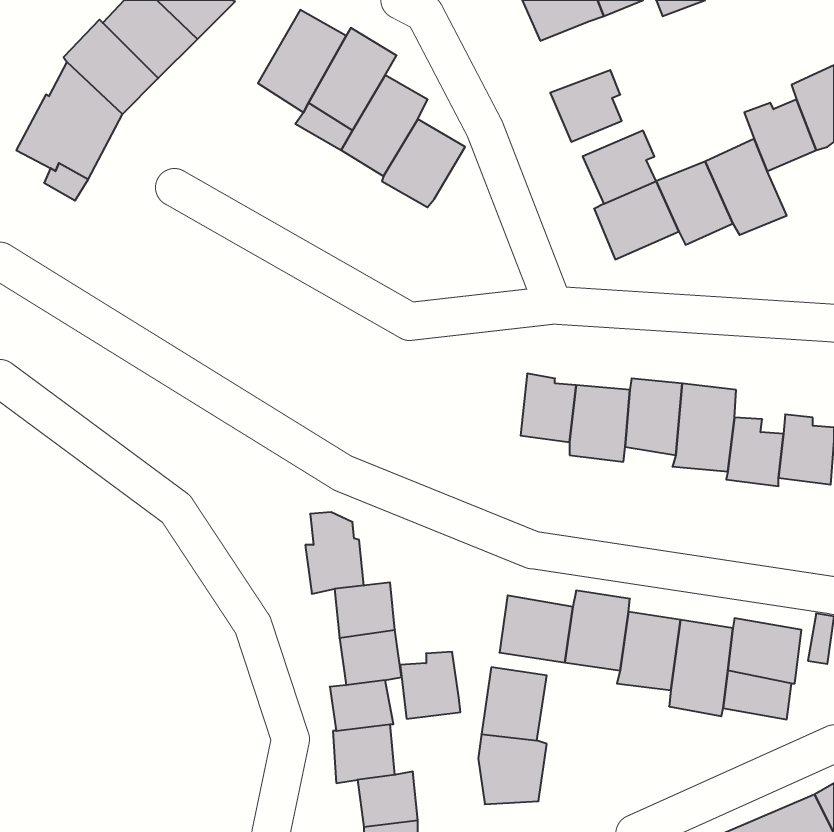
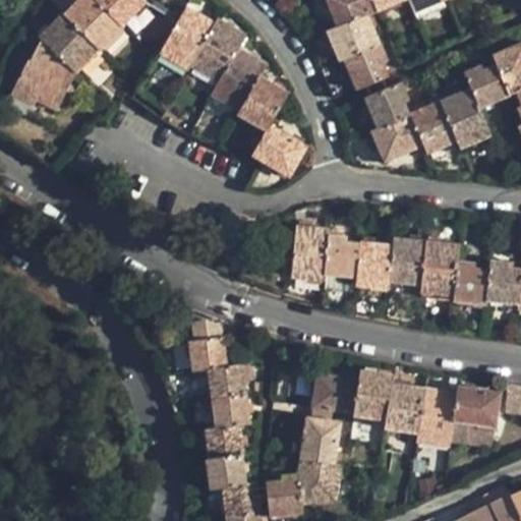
building: none -> [327,14,381,61]
building: none -> [253,125,306,177]
building: none -> [290,226,329,280]
building: [400,652,460,719] -> [266,474,303,516]

